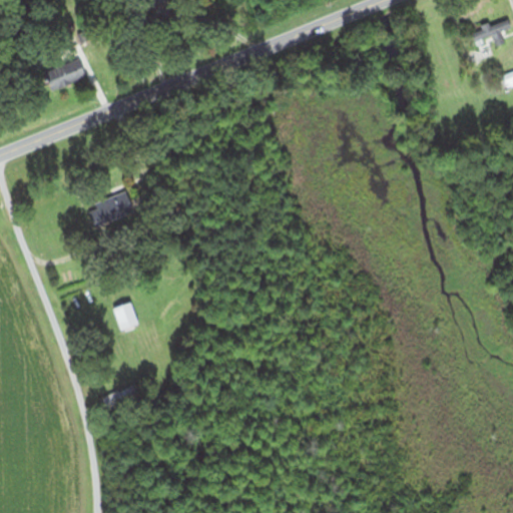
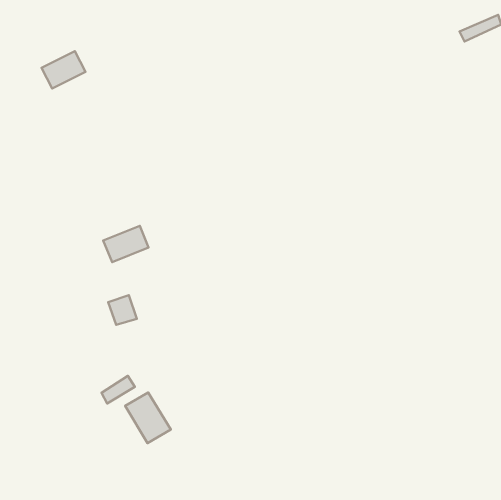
building: [94,189,140,226] -> [103,226,149,262]
building: none -> [125,392,171,443]

